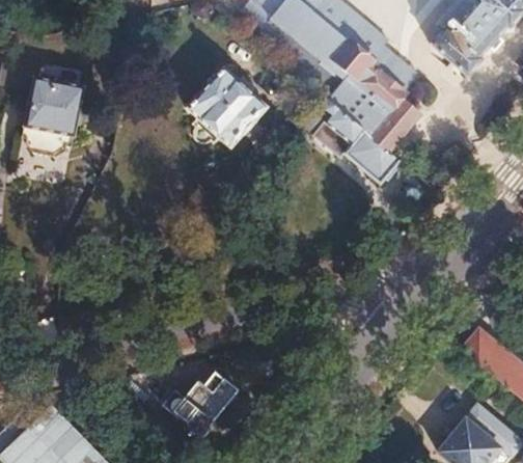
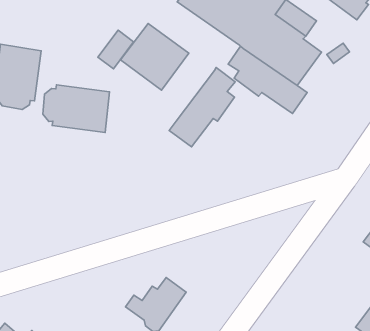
building: none -> [98,30,134,69]
building: none -> [169,68,235,147]
building: none -> [43,85,110,132]

